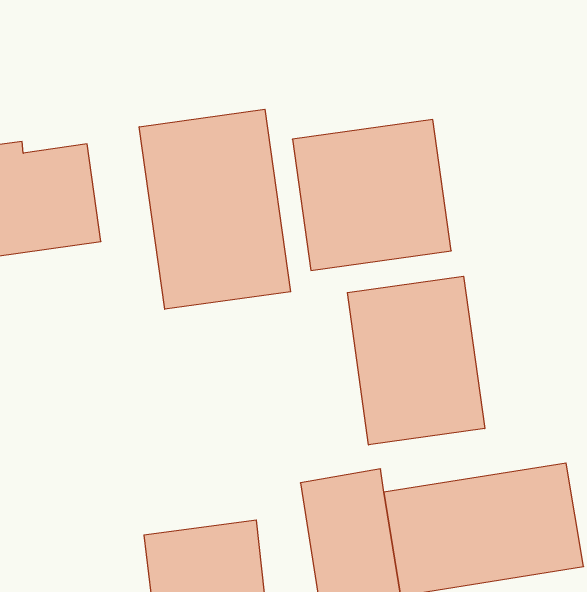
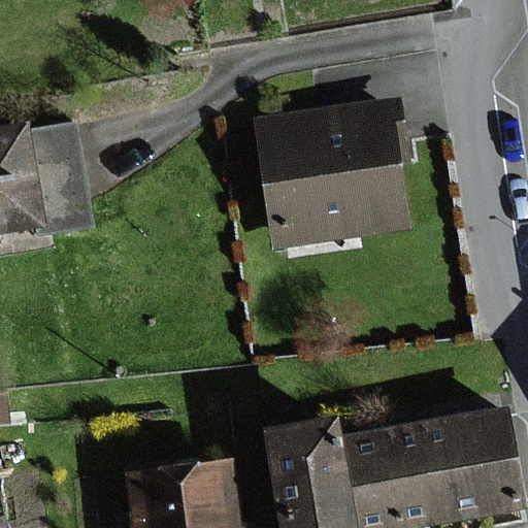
building: [139,109,291,309] -> none
building: [347,276,485,445] -> none

